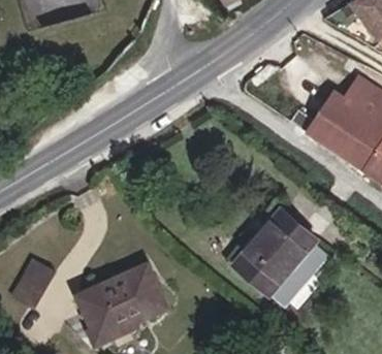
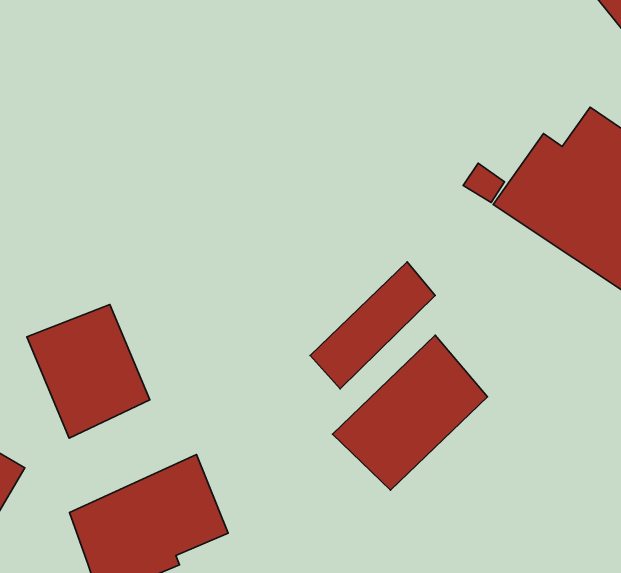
building: none -> [27,305,150,438]
building: [252,237,321,308] -> [310,262,435,389]

